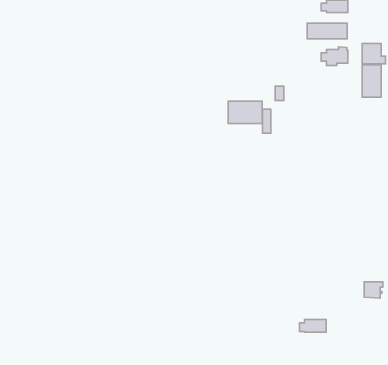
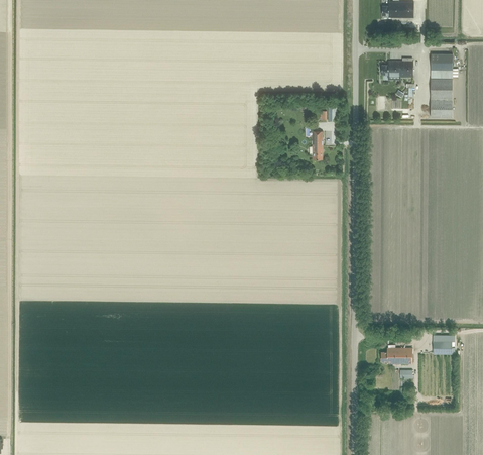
building: [307,23,347,39] -> none
building: [228,101,262,124] -> none
building: [300,319,326,332] -> [380,349,411,364]

